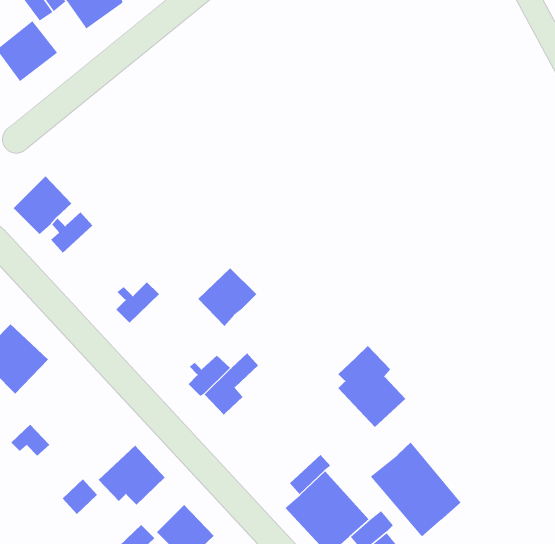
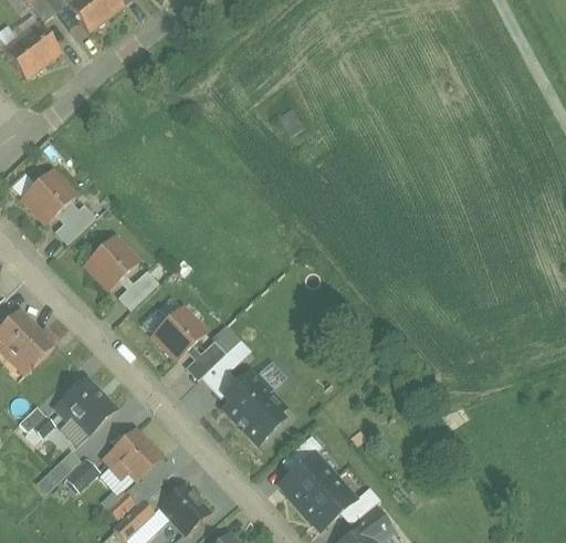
building: none -> [81,236,136,291]
building: [198,267,257,327] -> [150,305,207,362]
building: [337,345,406,428] -> [221,367,286,446]
building: none -> [52,379,113,440]
building: [370,442,462,537] -> none

